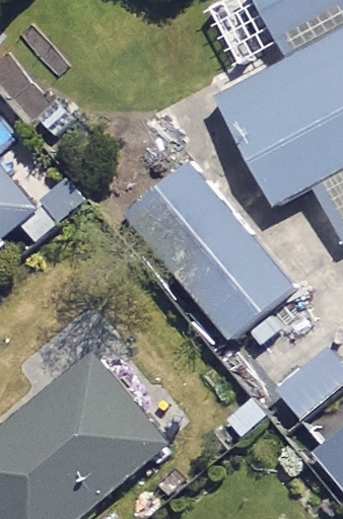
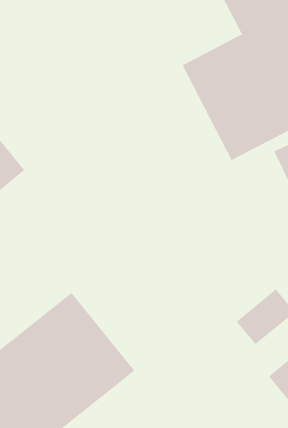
building: [129,168,292,339] -> none

